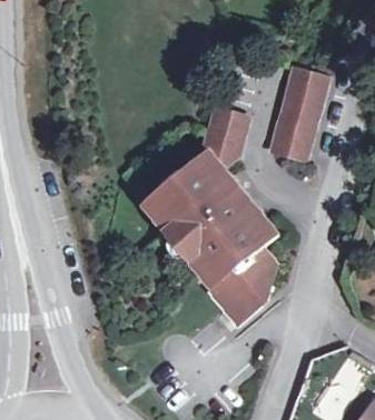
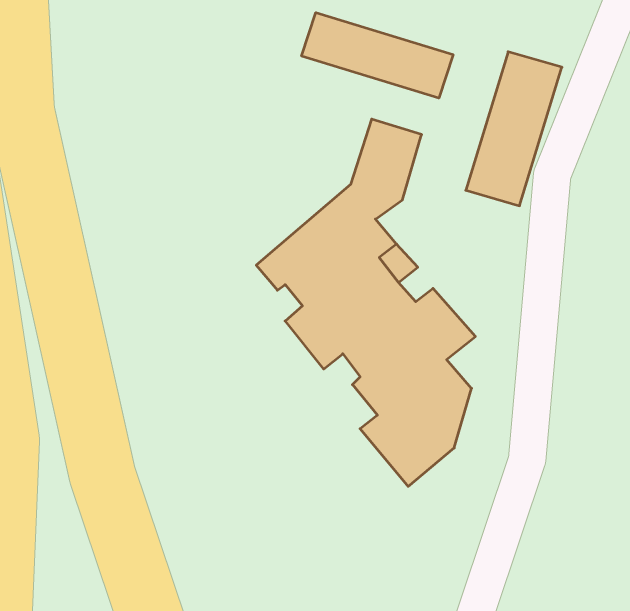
building: none -> [302,13,453,98]

